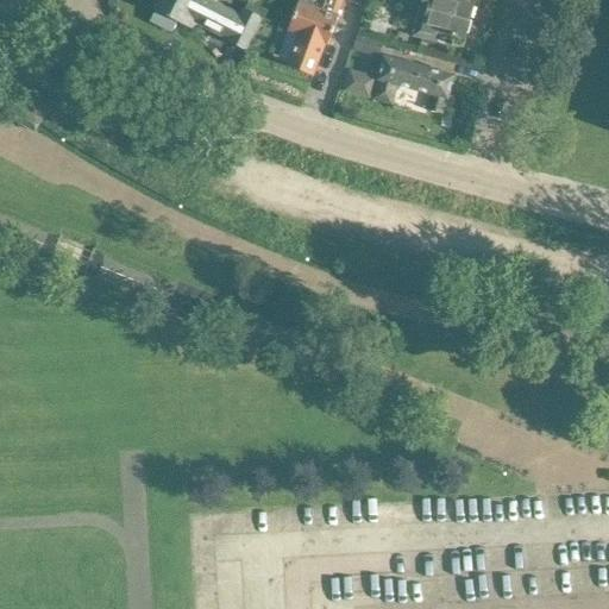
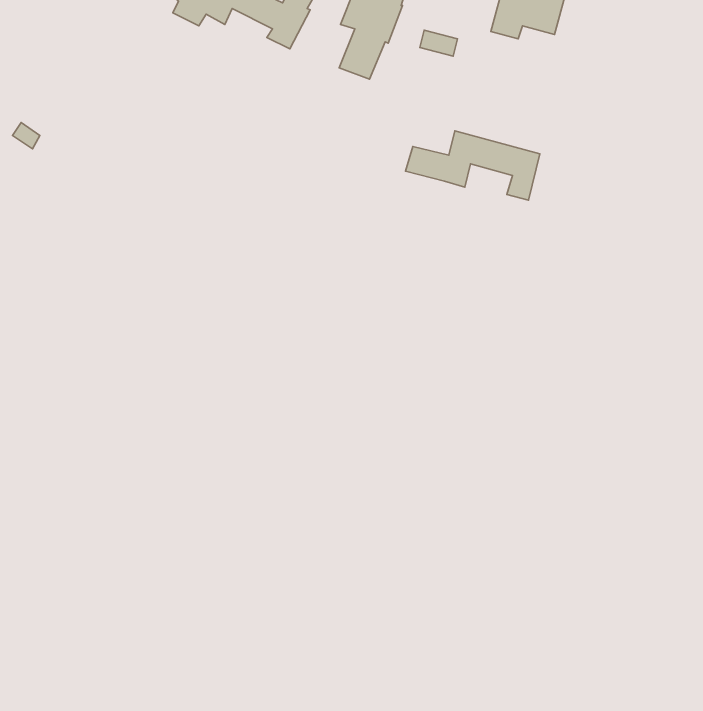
building: [343,55,453,112] -> [406,131,540,200]

